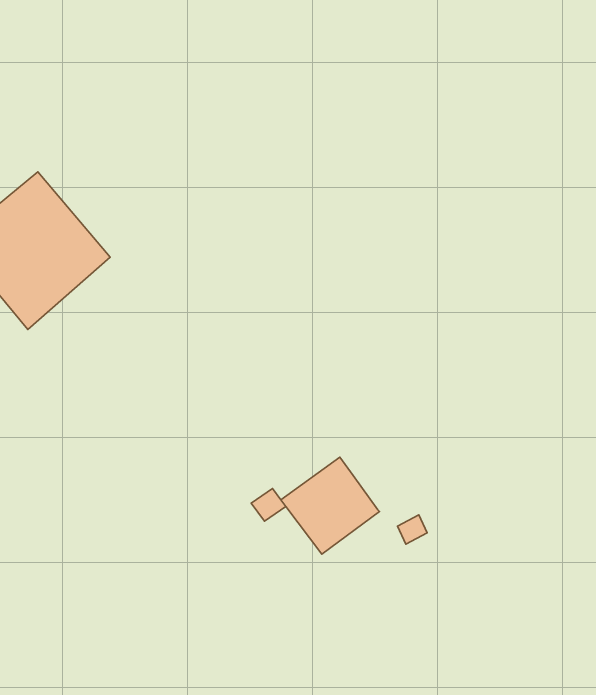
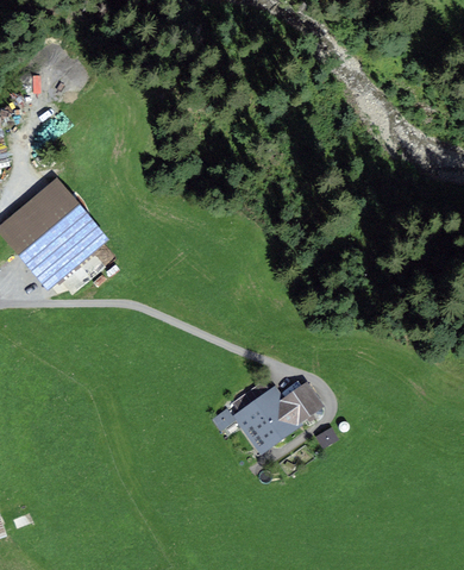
building: none -> [283,382,324,422]

